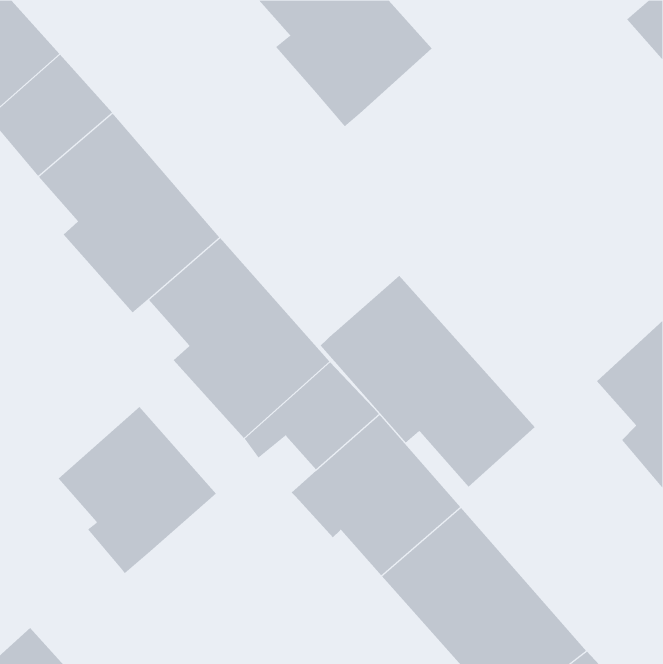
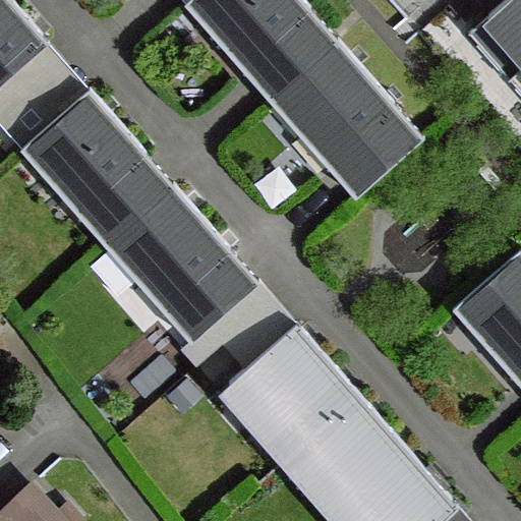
building: none -> [280,42,421,200]
building: [320,275,536,487] -> none
building: [58,406,217,574] -> none

